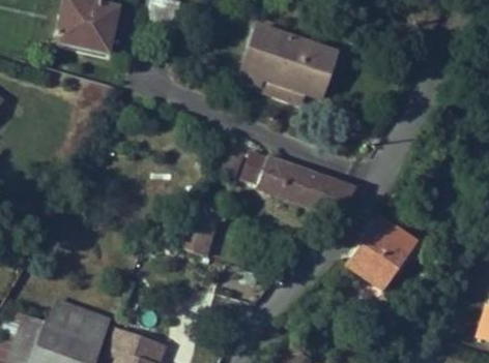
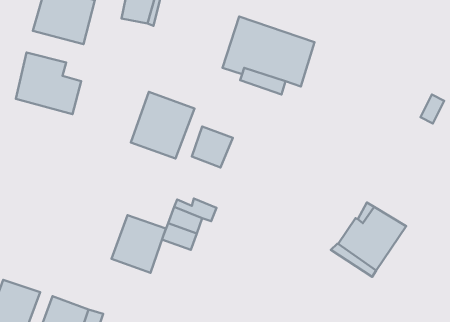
building: none -> [16,53,81,114]
building: none -> [131,92,194,159]
building: [244,144,363,211] -> none
building: none -> [112,215,166,273]

